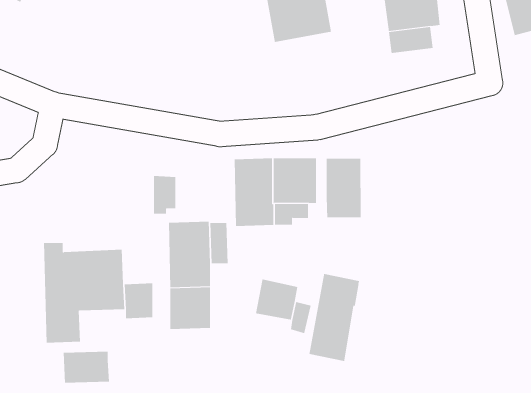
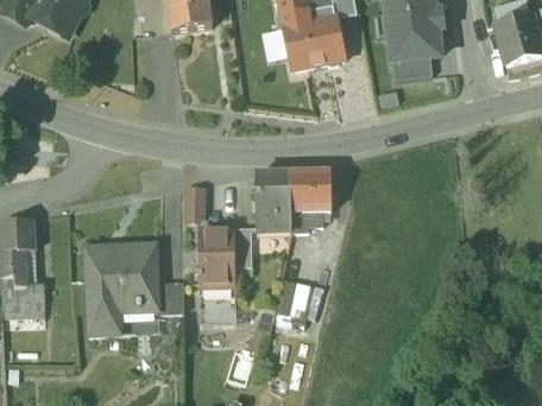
building: [326,158,361,218] -> none
building: [309,273,360,362] -> none
building: [63,351,110,383] -> [119,306,160,335]

